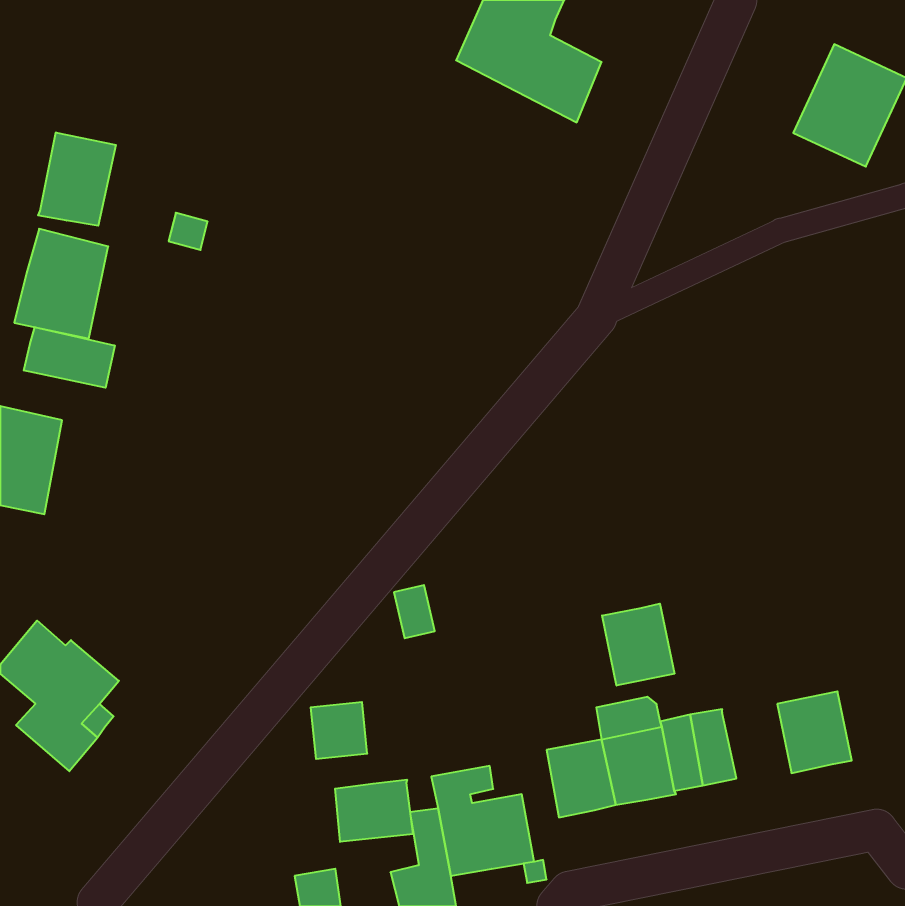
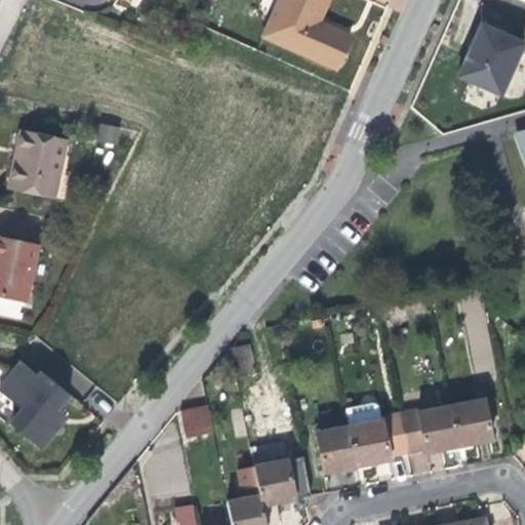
building: [38,132,116,226] -> none
building: [24,327,115,388] -> none
building: [602,604,674,686] -> none
building: none -> [418,407,458,453]
building: [335,780,413,842] -> none

